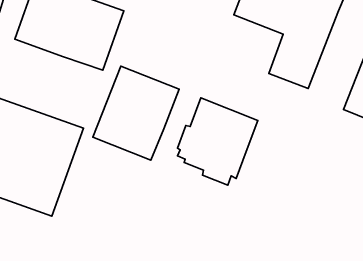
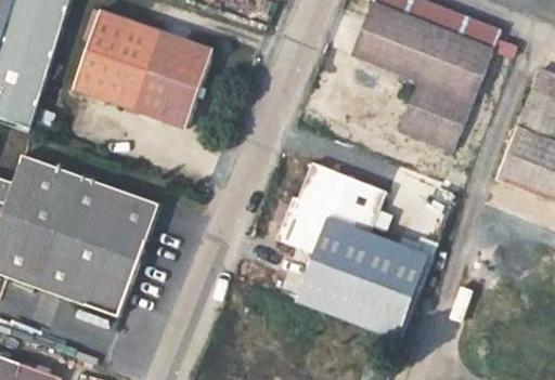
building: [93,66,179,160] -> none
building: none -> [299,232,431,342]

